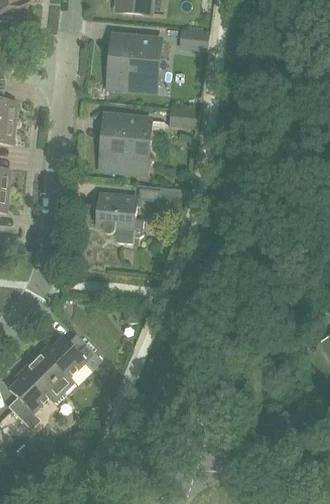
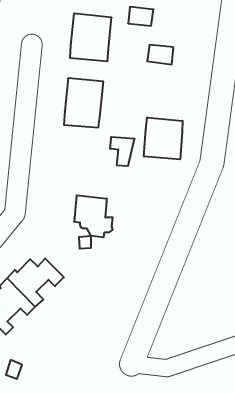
building: [168,105,200,129] -> [147,45,173,64]
building: none -> [144,117,183,159]
building: [94,191,141,242] -> [74,195,113,237]

